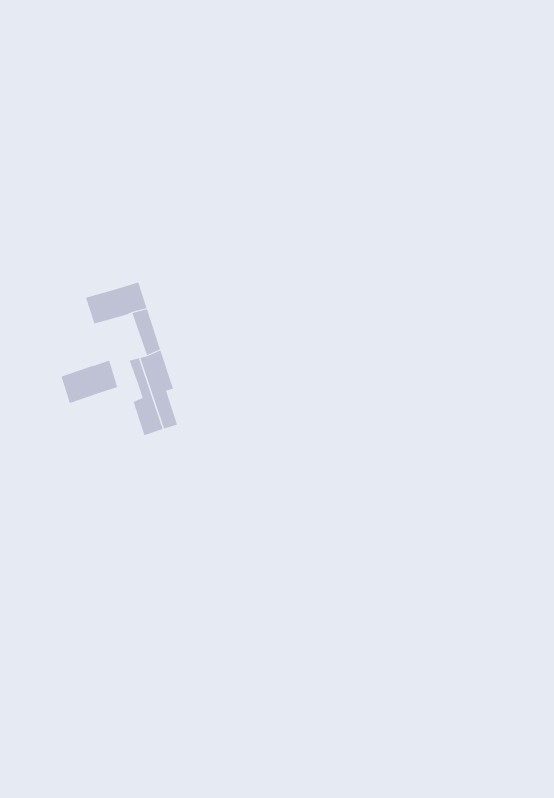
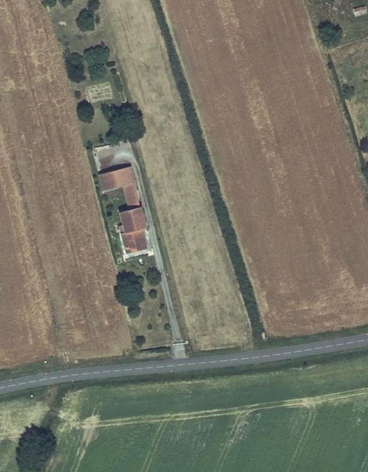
building: [61,360,118,404] -> none

